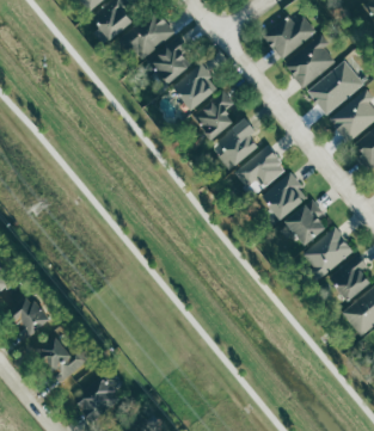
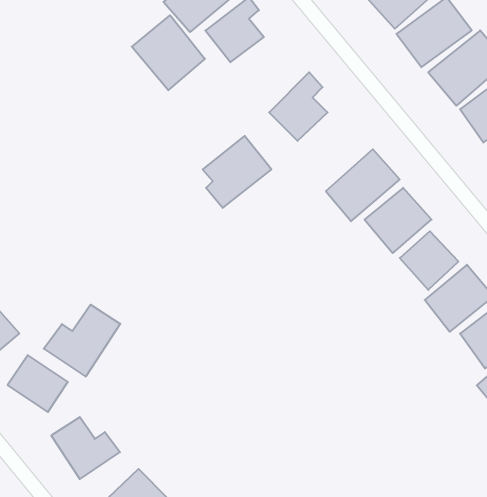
building: none -> [132,15,205,90]
building: [173,66,221,111] -> none
building: [215,121,264,172] -> [203,136,271,208]
building: none -> [44,305,120,377]

